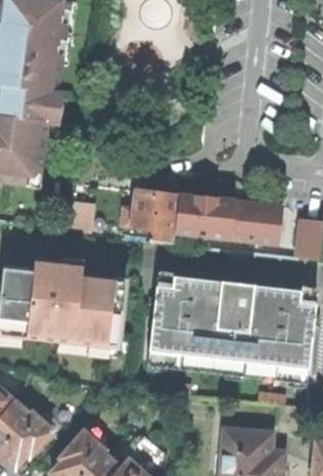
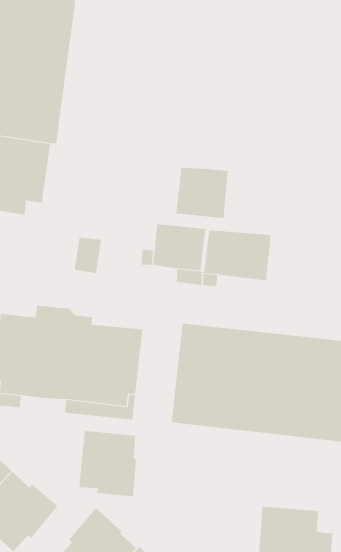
building: none -> [176,167,228,219]
building: [228,200,281,244] -> none
building: none -> [79,430,136,497]

